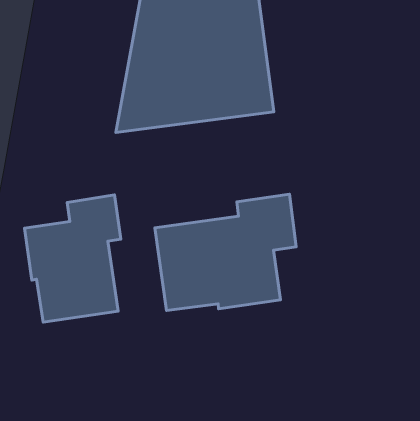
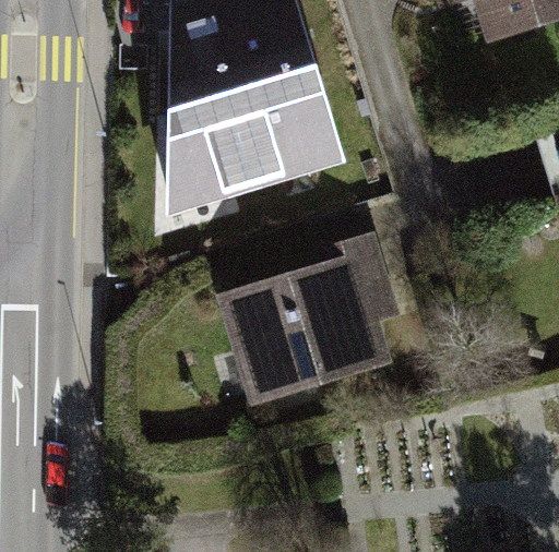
building: [25,195,121,322] -> none

